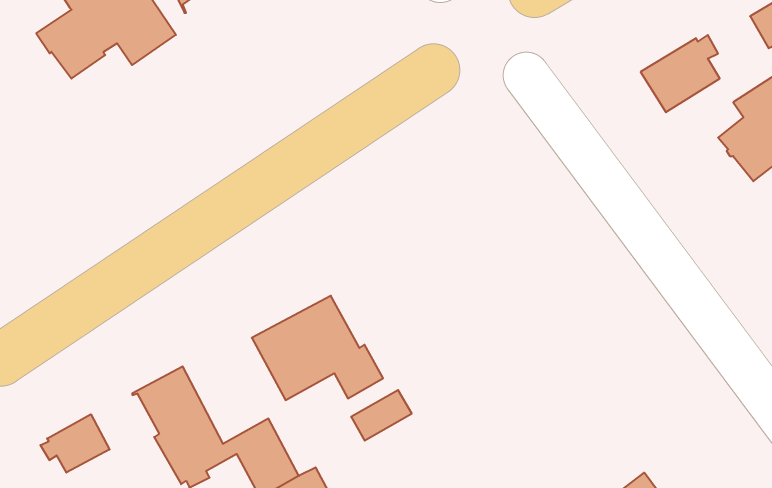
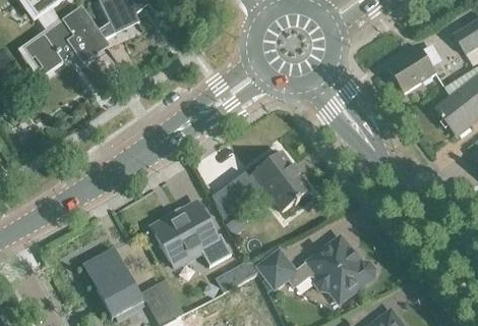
building: none -> [210,151,308,218]
building: none -> [257,236,373,302]
building: [40,414,110,473] -> none

